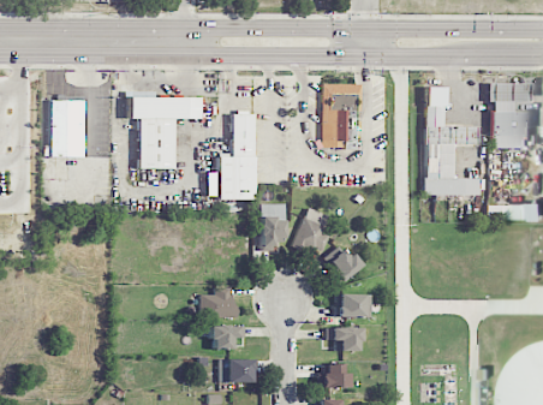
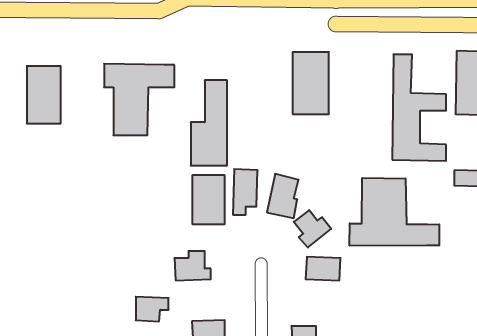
building: none -> [193,175,224,224]
building: none -> [350,178,439,246]
building: [211,324,245,350] -> [136,297,169,321]
building: [326,327,360,351] -> none

